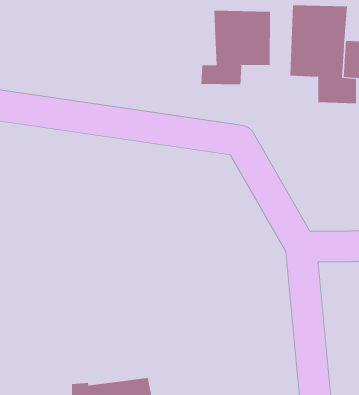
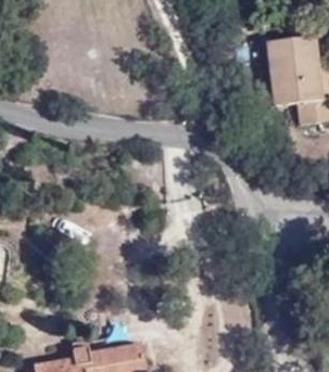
building: [201,10,270,85] -> none

